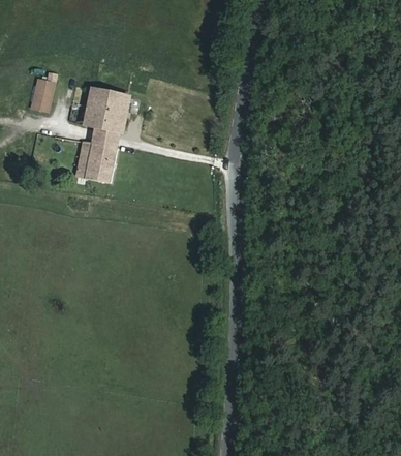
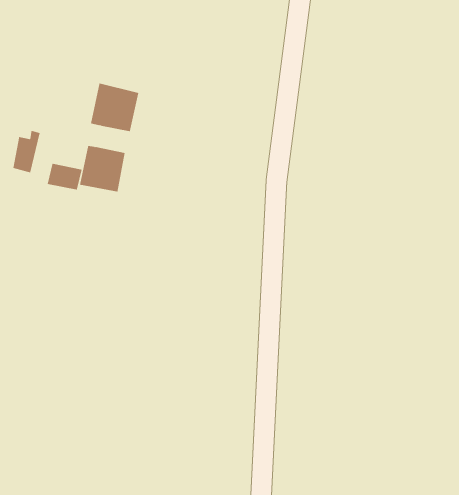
building: [31,74,55,111] -> [12,130,41,173]
building: [89,125,119,148] -> [47,163,82,190]

